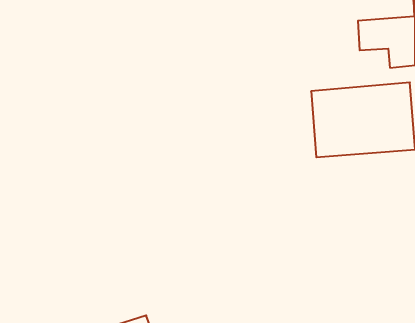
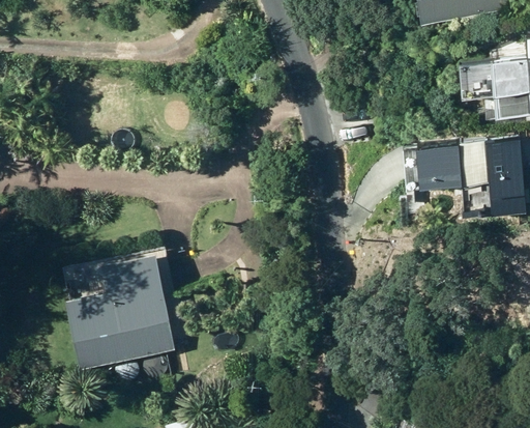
building: none -> [67,260,176,372]

